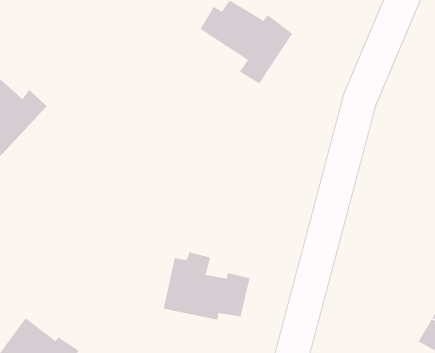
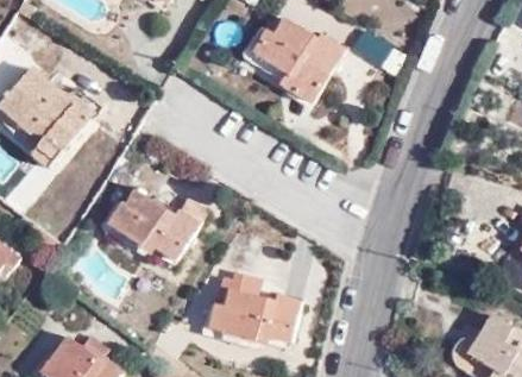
building: none -> [106,190,201,258]

